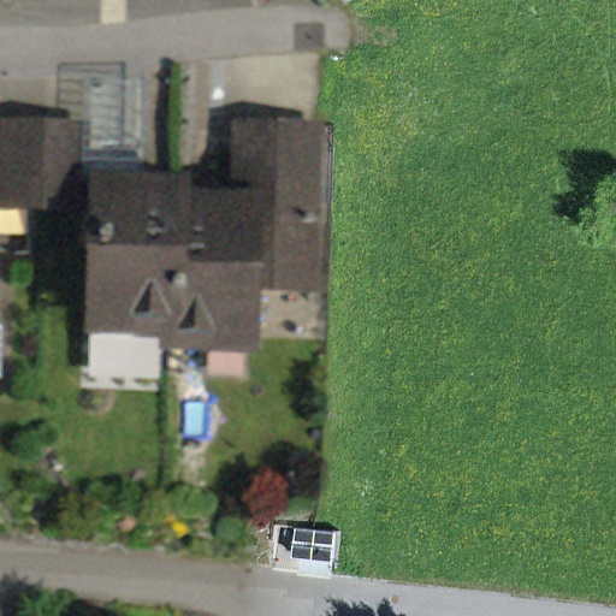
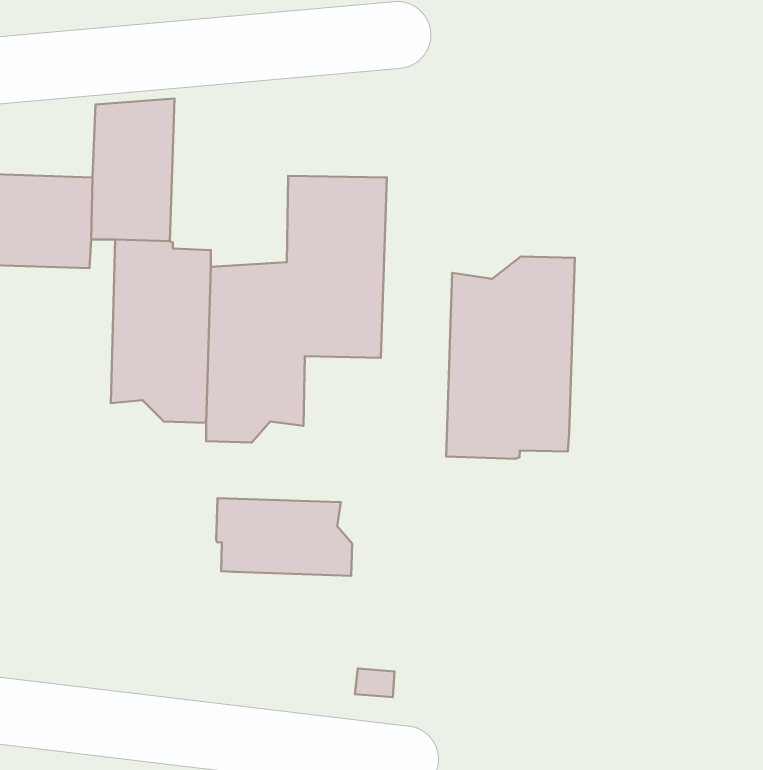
building: none -> [446,257,575,459]
building: none -> [216,498,352,576]

